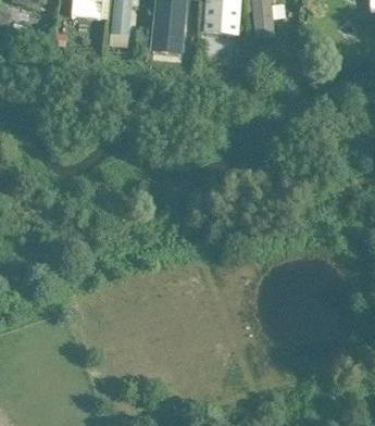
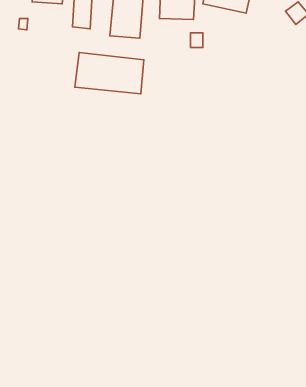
building: none -> [75,52,144,94]

